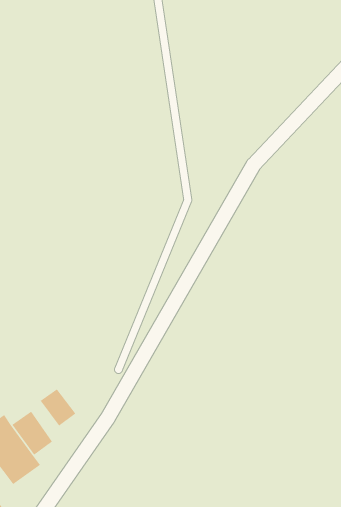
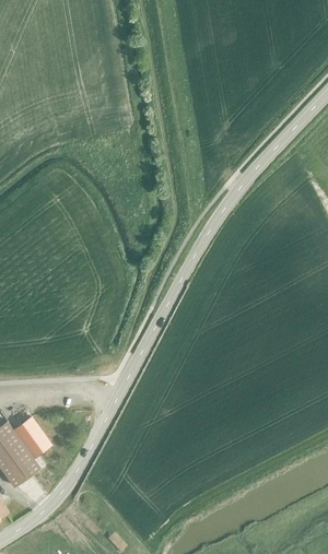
building: [40,388,76,427] -> none

